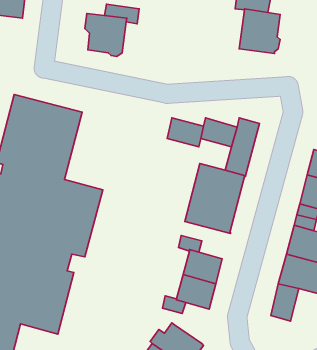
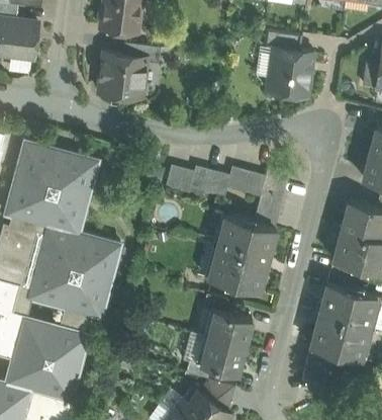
building: none -> [165,166,194,194]
building: none -> [198,380,234,412]

